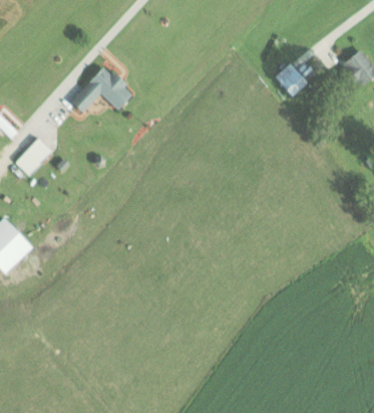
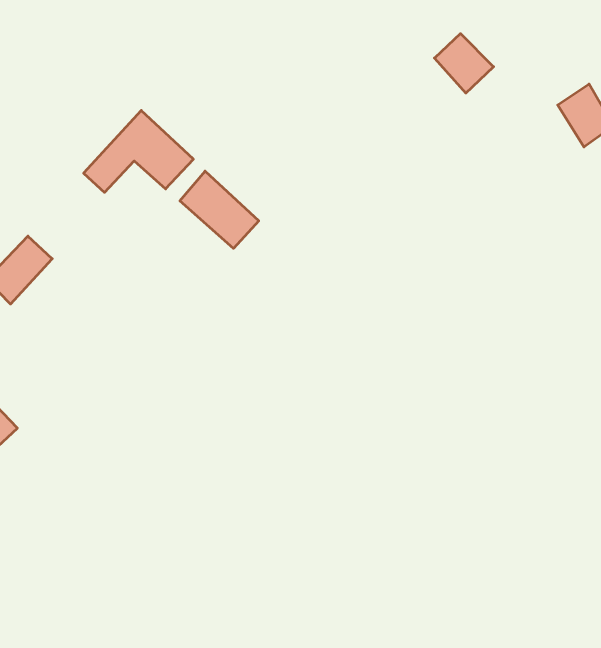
building: [274,63,308,97] -> [434,34,494,93]
building: none -> [180,171,259,248]

